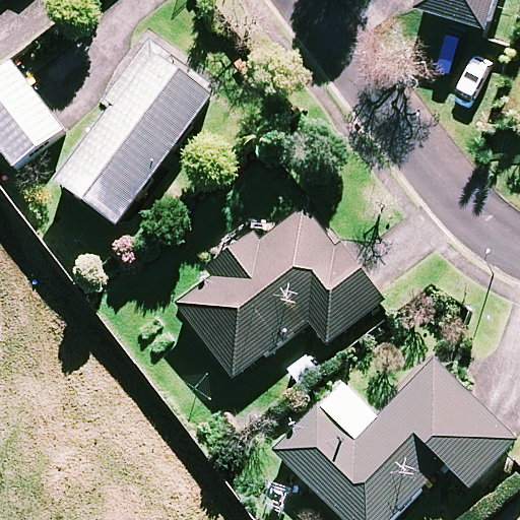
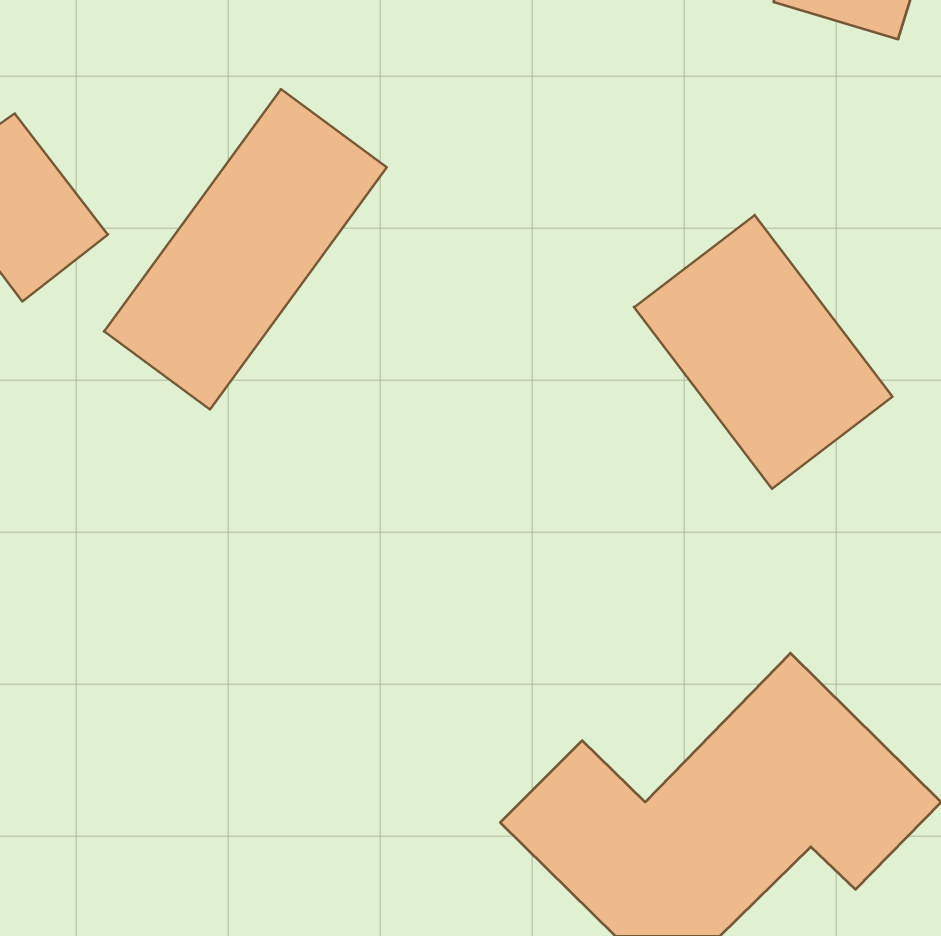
building: none -> [634,215,892,489]
building: [176,202,380,375] -> none

